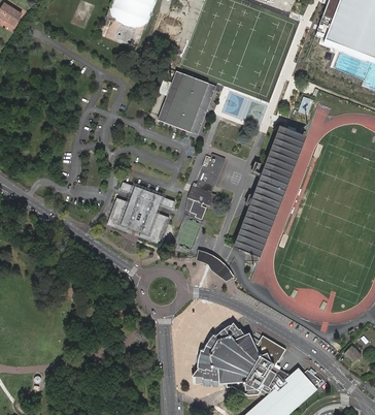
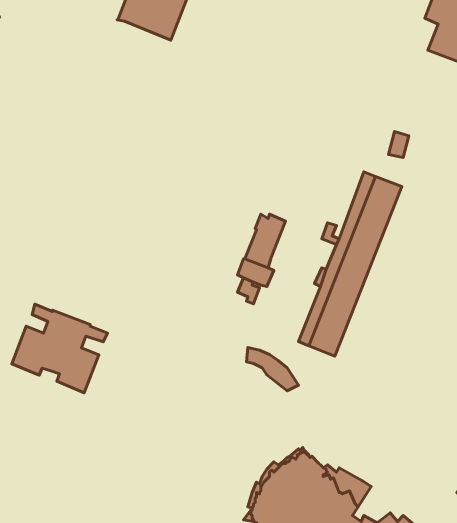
building: [156,71,207,132] -> none
building: [106,183,174,246] -> [12,304,108,393]

